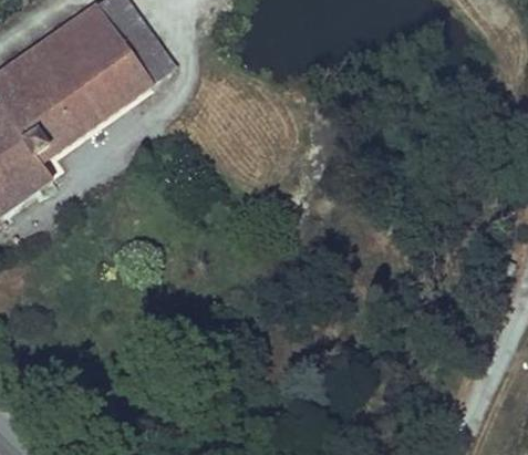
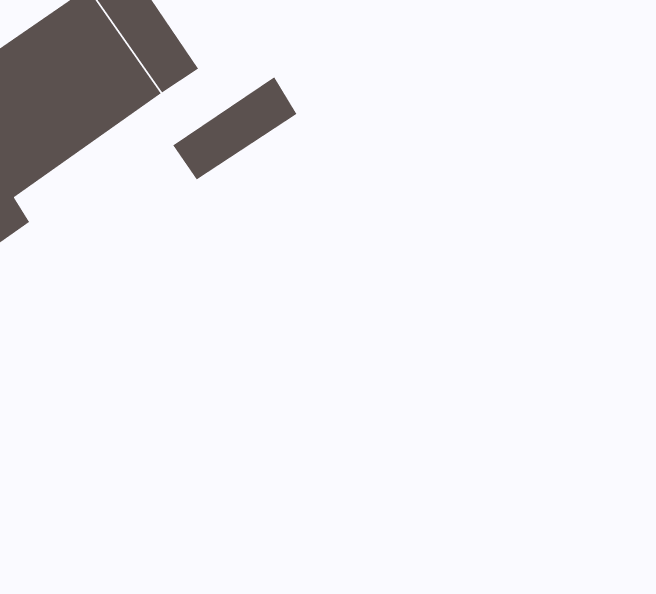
building: none -> [172,76,298,181]

